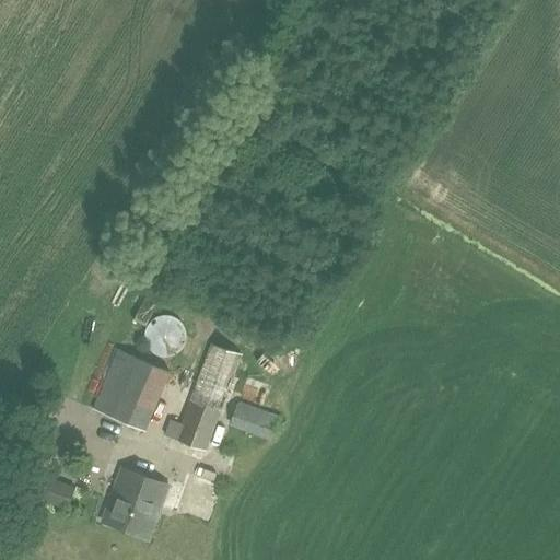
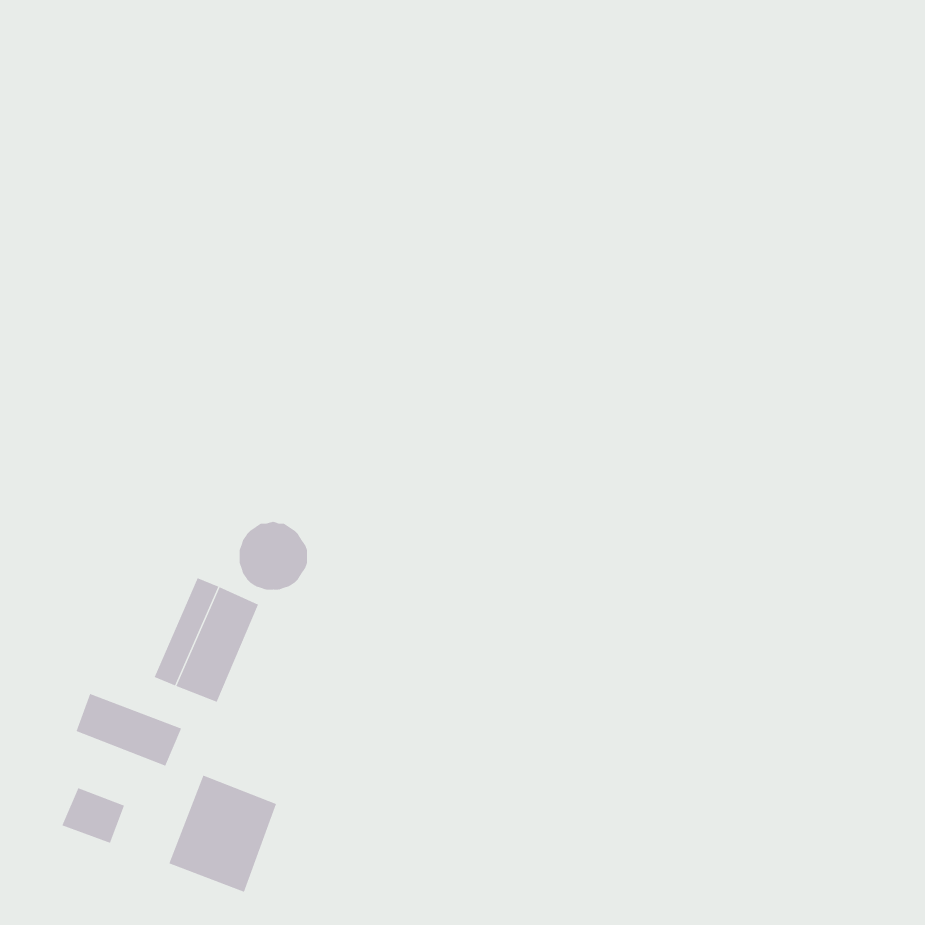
building: [165,343,241,452] -> none
building: [230,401,279,440] -> none
building: none -> [76,693,182,767]

